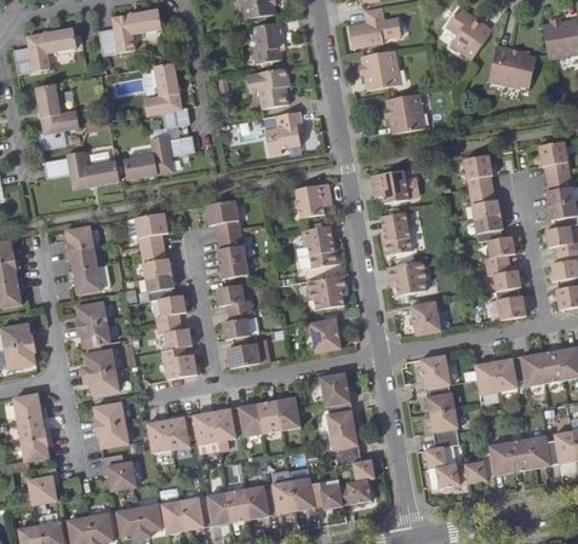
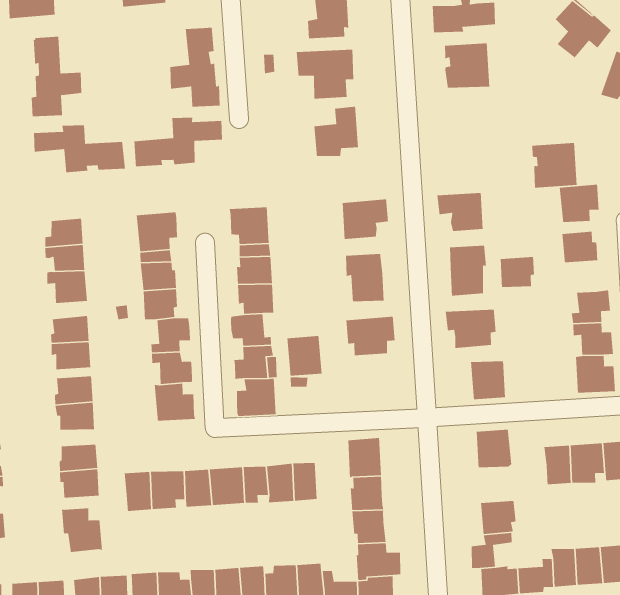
building: [384,95,424,134] -> [531,142,578,188]
building: [474,213,503,241] -> [500,256,535,288]
building: [309,319,340,354] -> [287,335,323,376]
building: [424,384,456,414] -> none

